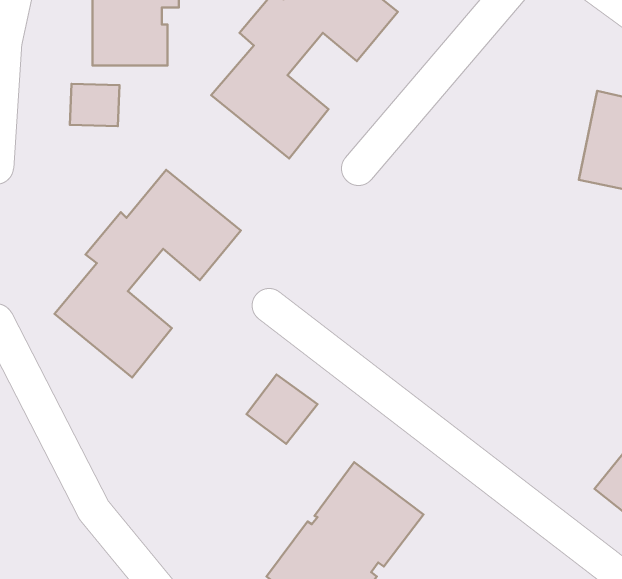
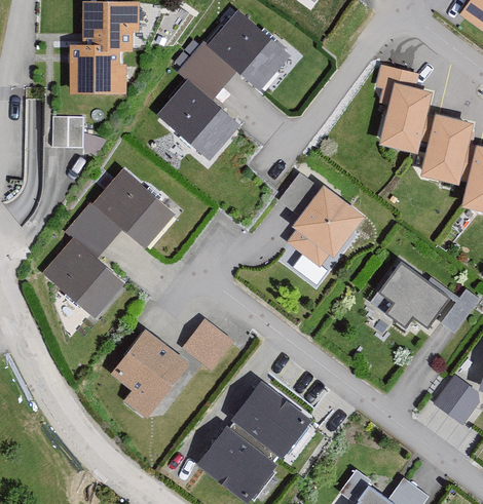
building: none -> [376,65,435,154]
building: none -> [278,173,366,265]
building: none -> [381,262,450,326]
building: none -> [111,331,189,419]

